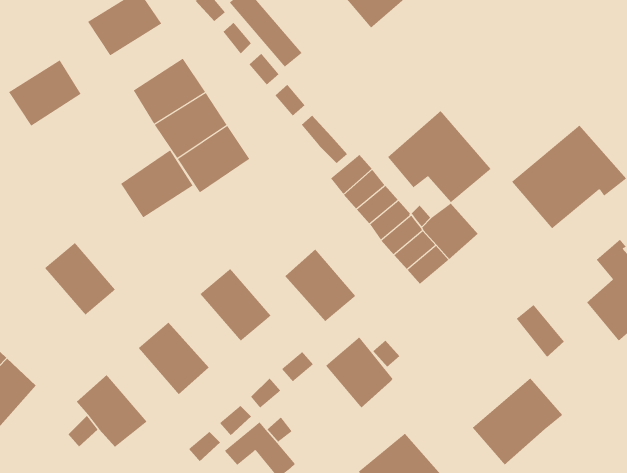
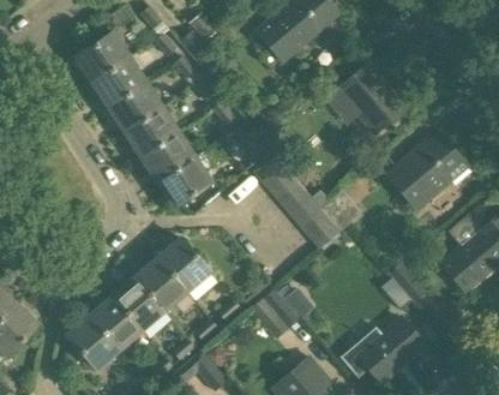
building: [8,60,81,126] -> [92,58,146,107]
building: [387,110,491,203] -> [329,65,405,133]
building: [120,150,193,218] -> [158,157,212,208]
building: [44,242,116,315] -> [90,297,143,351]
building: [284,248,356,322] -> [136,257,188,311]

